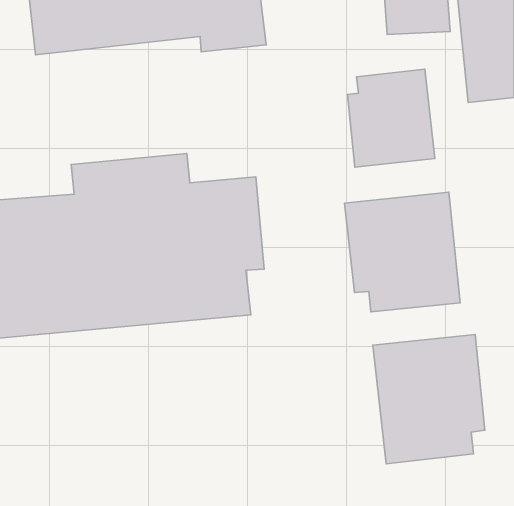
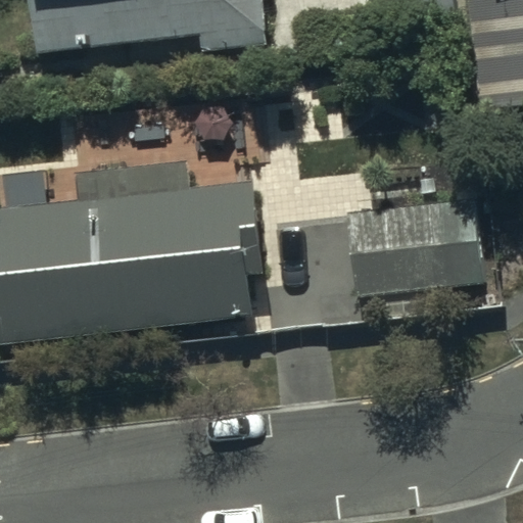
building: [348,69,435,167] -> none
building: [373,334,485,464] -> none

